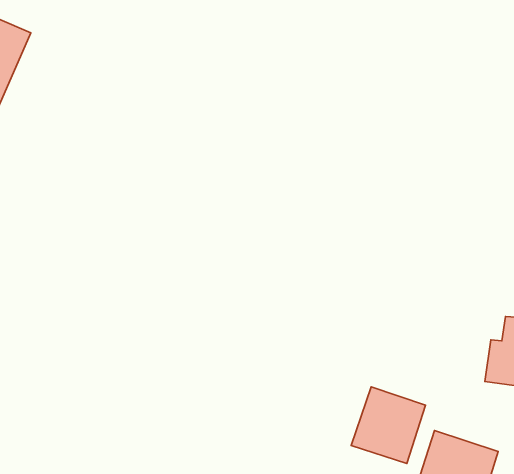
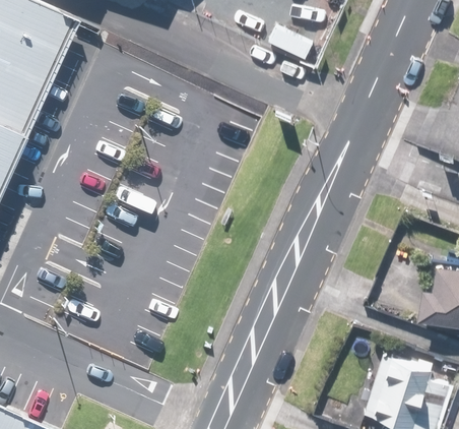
building: [351,387,425,463] -> none

